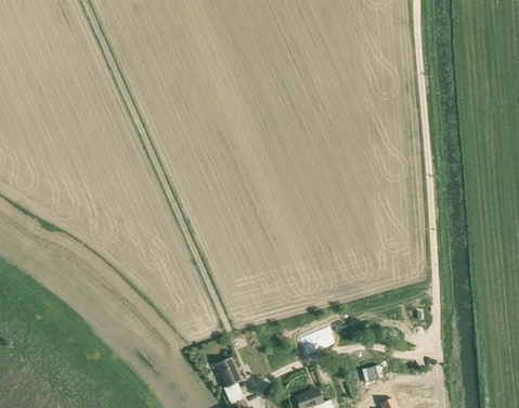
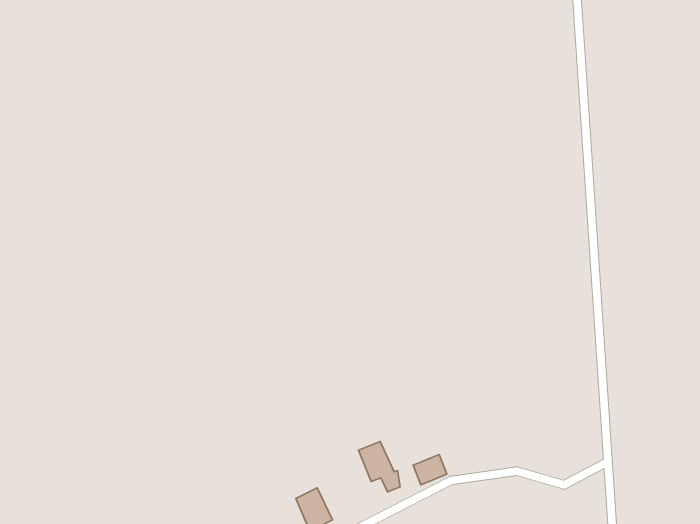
building: none -> [358,442,400,492]

